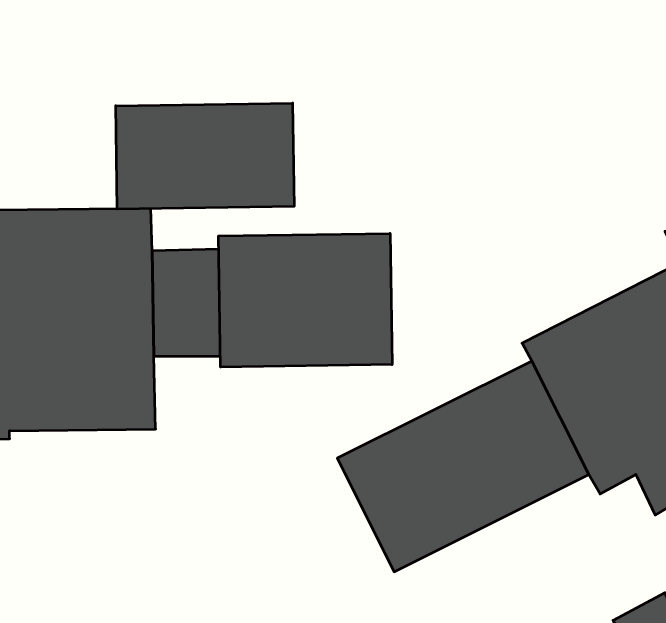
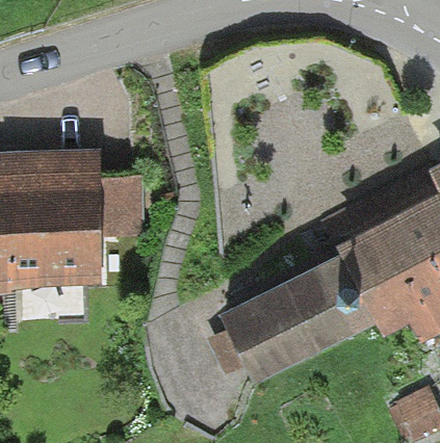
building: [116,103,294,209] -> none
building: [219,233,392,367] -> none

